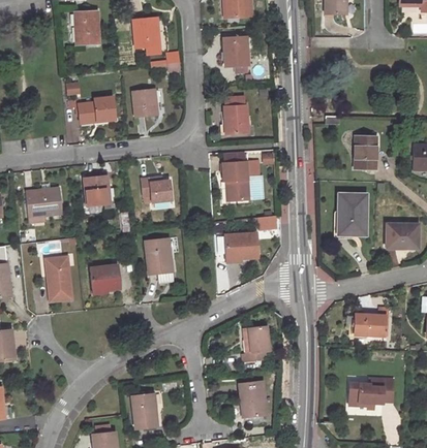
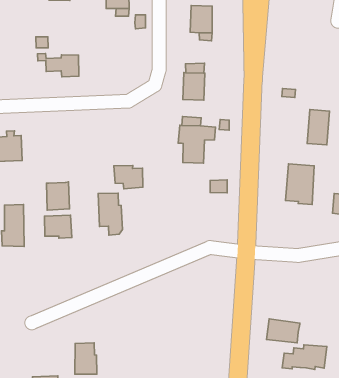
building: [132,89,157,116] -> none
building: [82,174,108,205] -> [46,182,69,210]
building: [138,177,170,201] -> [114,165,143,189]
building: [225,233,258,258] -> none
building: [352,314,385,337] -> [267,319,300,343]
building: [242,326,269,361] -> none
building: [240,380,266,415] -> none

